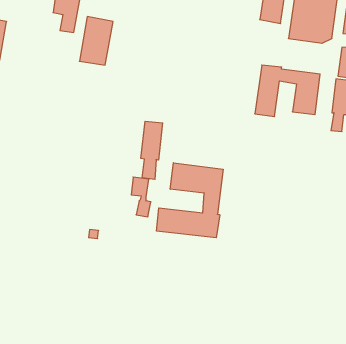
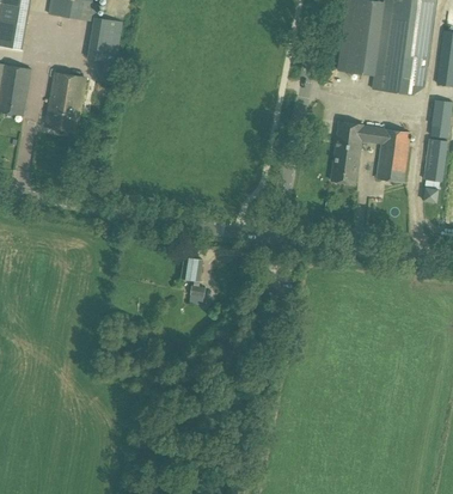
building: [79,17,113,65] -> [45,71,86,129]
building: [141,121,163,179] -> none
building: [157,163,223,238] -> none

